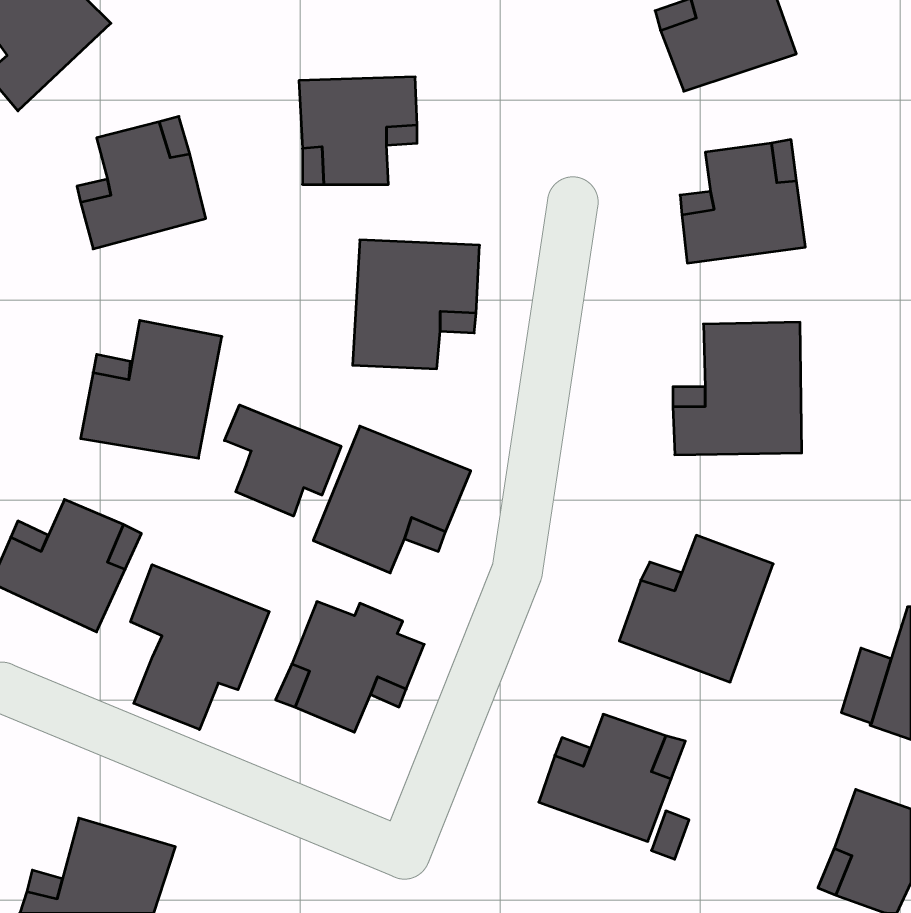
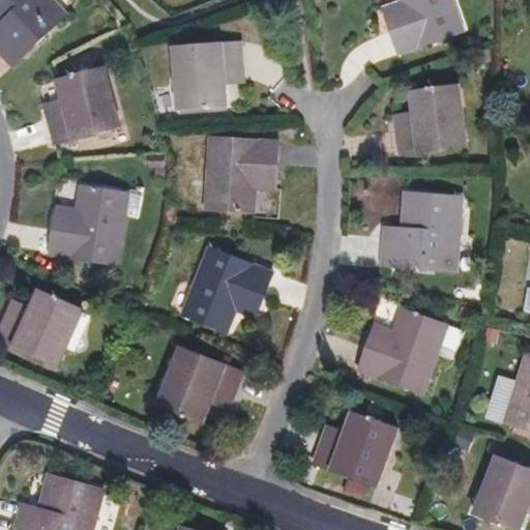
building: [224,405,341,516] -> none
building: [131,565,269,730] -> none

